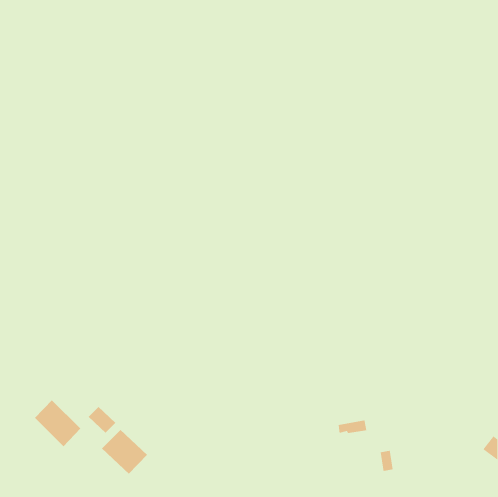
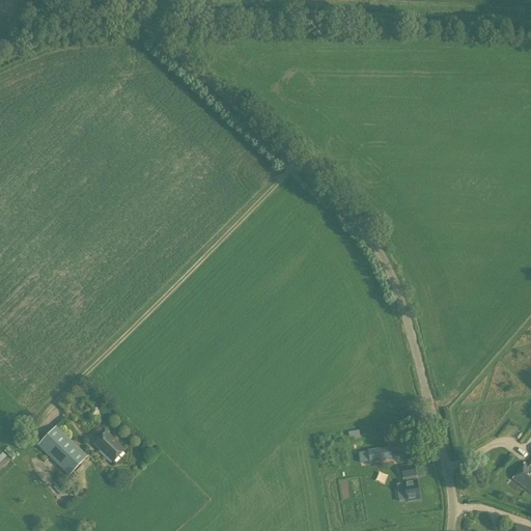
building: [101,429,148,474] -> none

